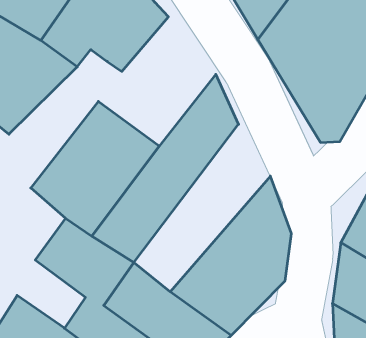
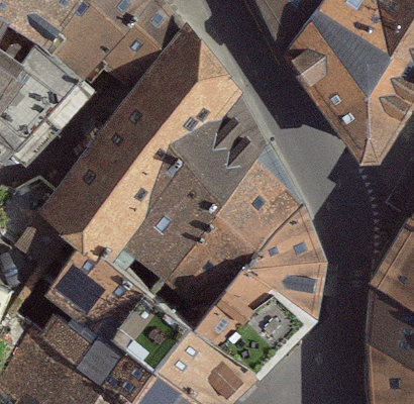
building: none -> [110,25,240,169]
building: none -> [149,144,301,330]

